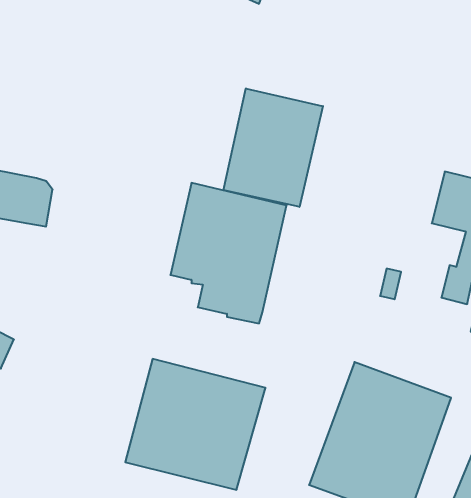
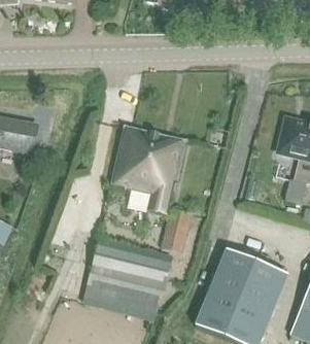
building: [223,88,323,207] -> none
building: none -> [162,207,191,251]

